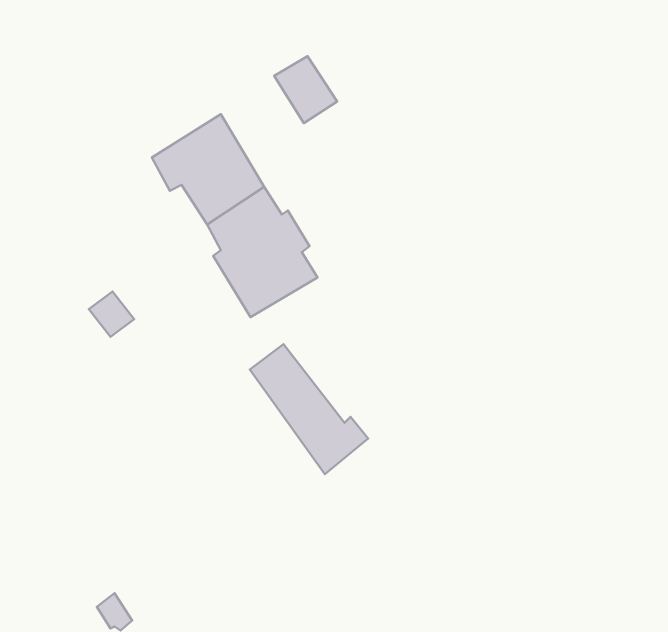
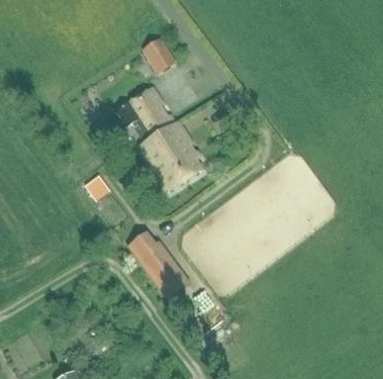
building: [274,56,337,123] -> [142,38,175,73]
building: [250,344,368,474] -> [127,233,188,300]

